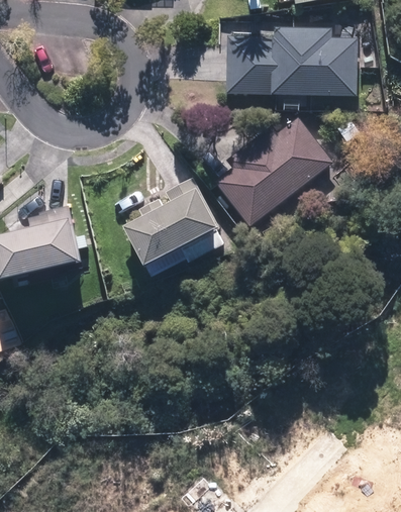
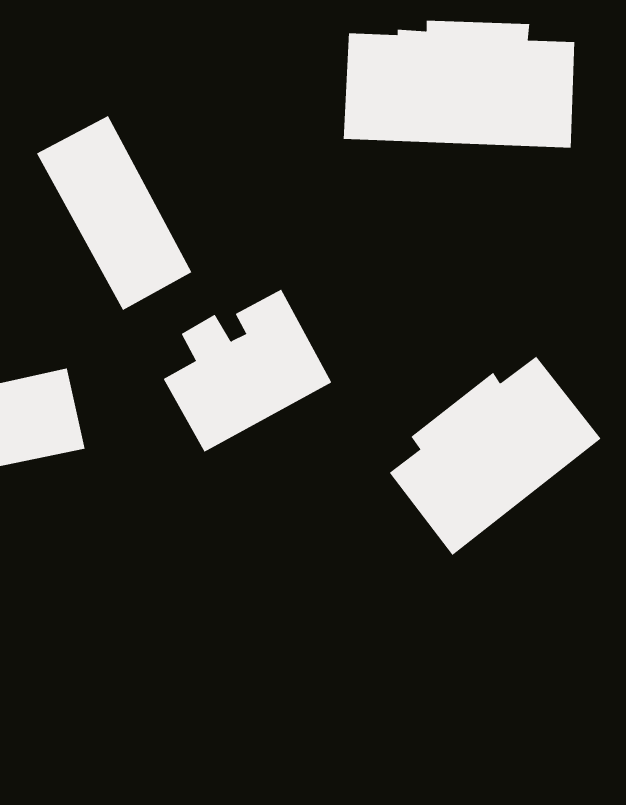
building: none -> [36,115,192,311]
building: [213,115,332,227] -> [389,356,601,556]

